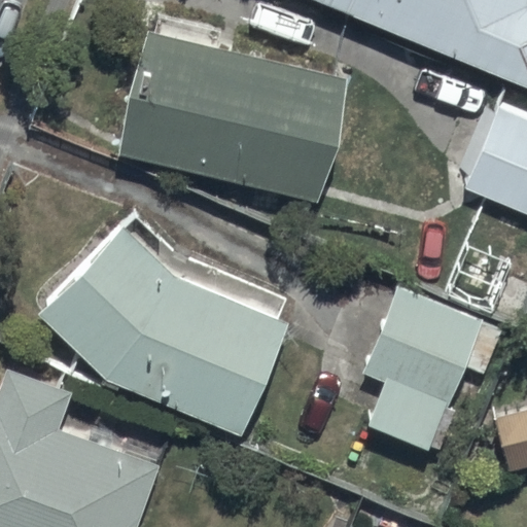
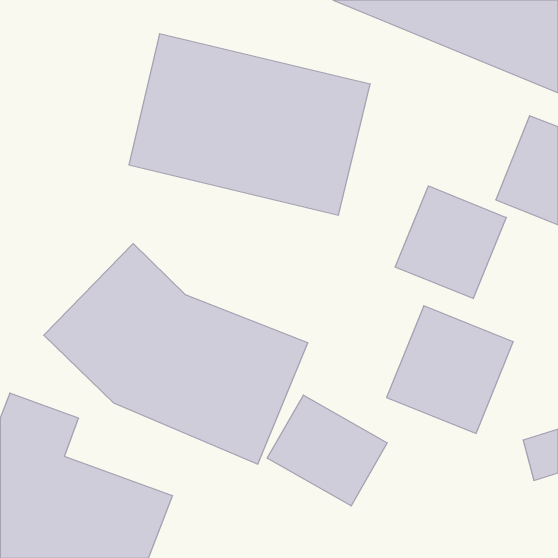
building: none -> [395,186,506,299]
building: none -> [267,395,387,506]

